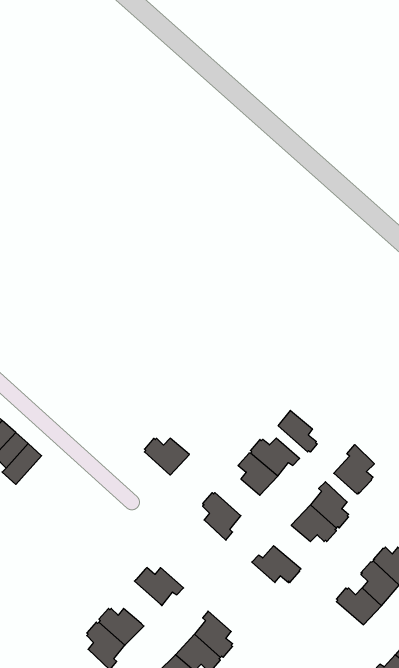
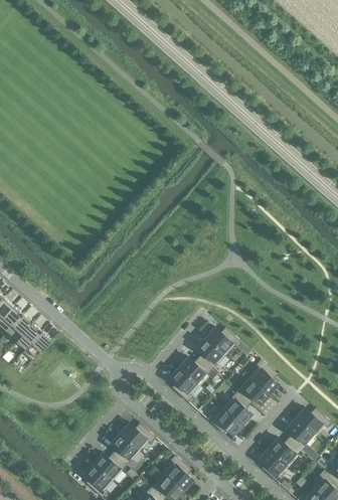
building: [278,410,317,452] -> none
building: [144,438,189,475] -> [178,359,211,386]
building: [334,445,374,494] -> none
building: none -> [221,393,249,426]
building: none -> [110,435,139,468]
building: none -> [259,450,288,485]

